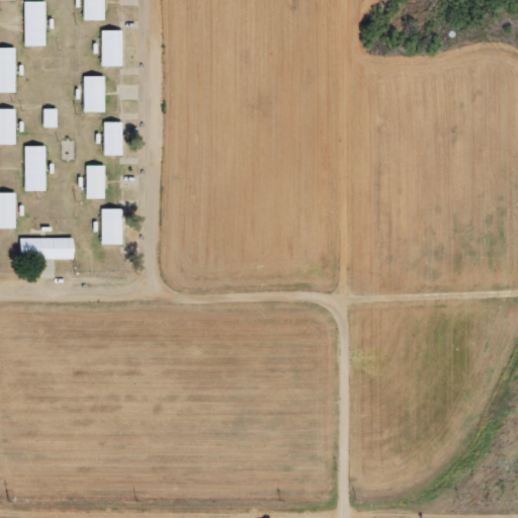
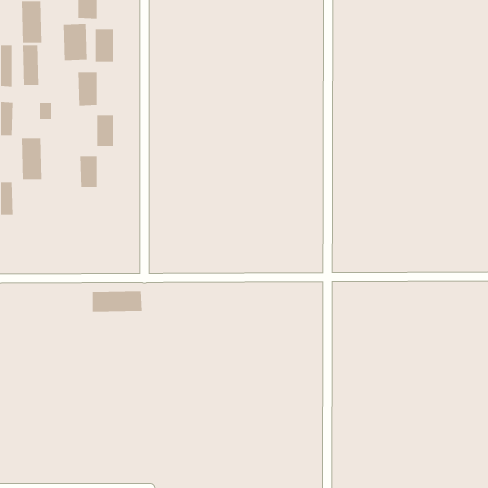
building: none -> [63,23,87,61]
building: none -> [23,45,39,86]
building: [101,208,121,244] -> none
building: [18,237,72,259] -> [92,291,142,312]

